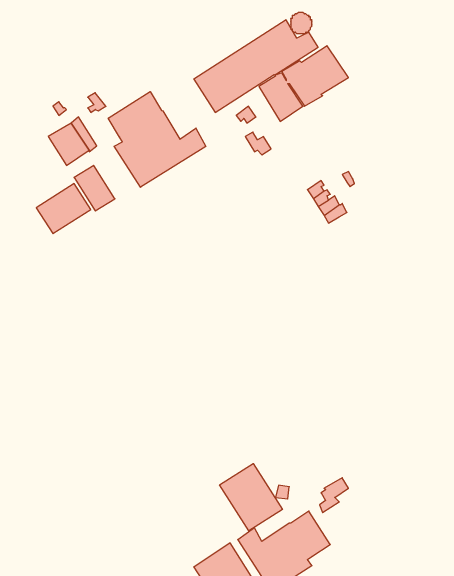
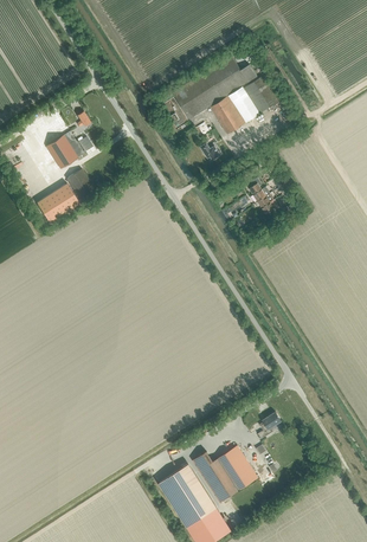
building: [108,92,206,187] -> none
building: [220,464,282,531] -> none

